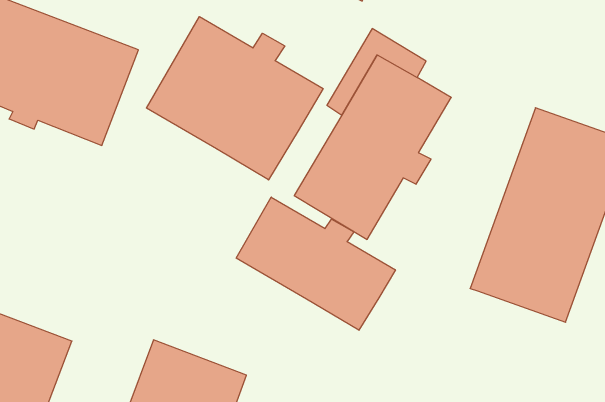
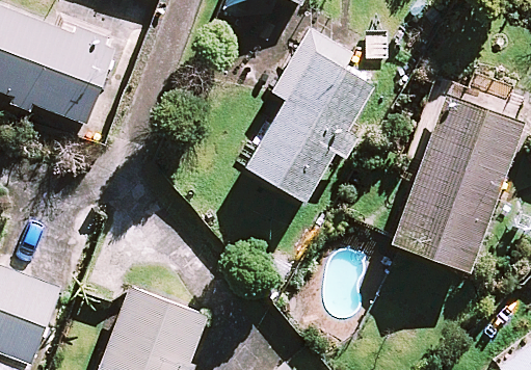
building: [146,17,323,180] -> none
building: [236,197,395,330] -> none

